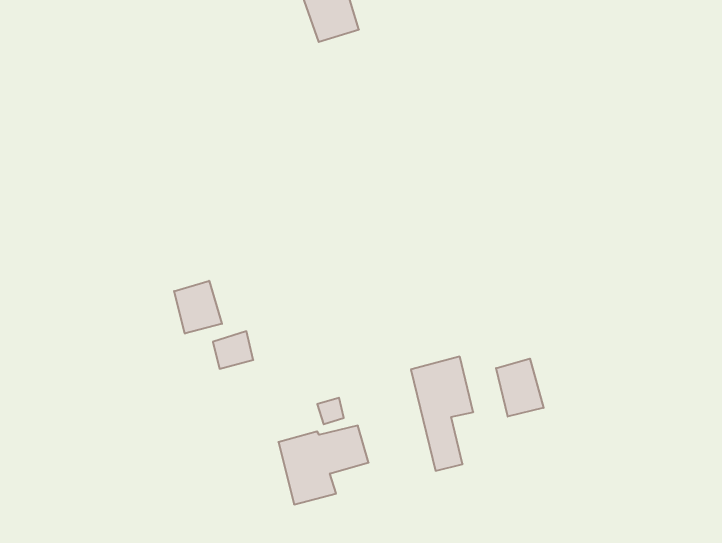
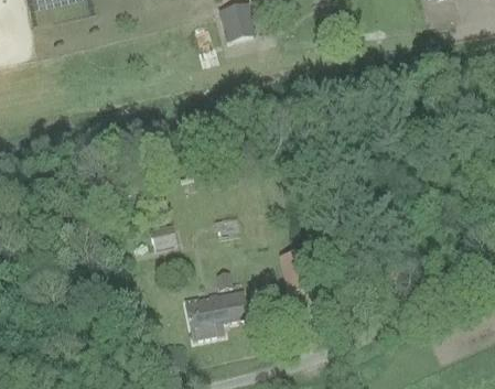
building: [174,281,222,334] -> none
building: [496,359,544,417] -> none

